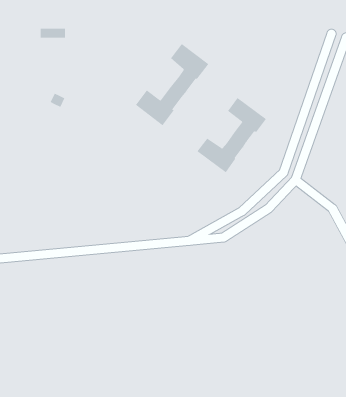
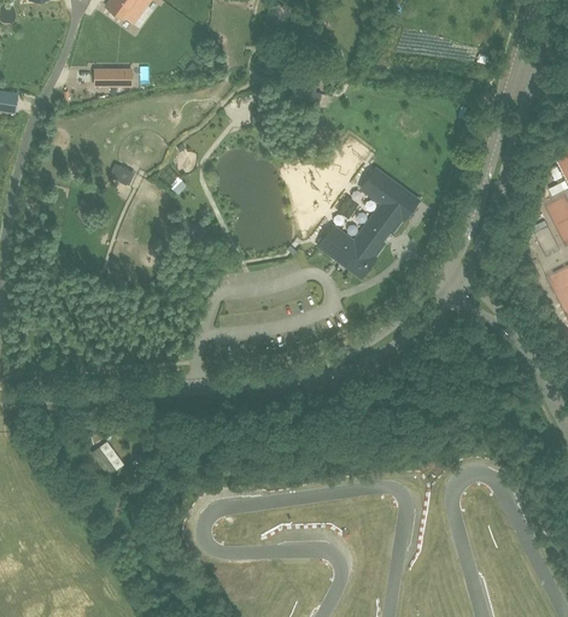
building: [135,43,209,126] -> none

